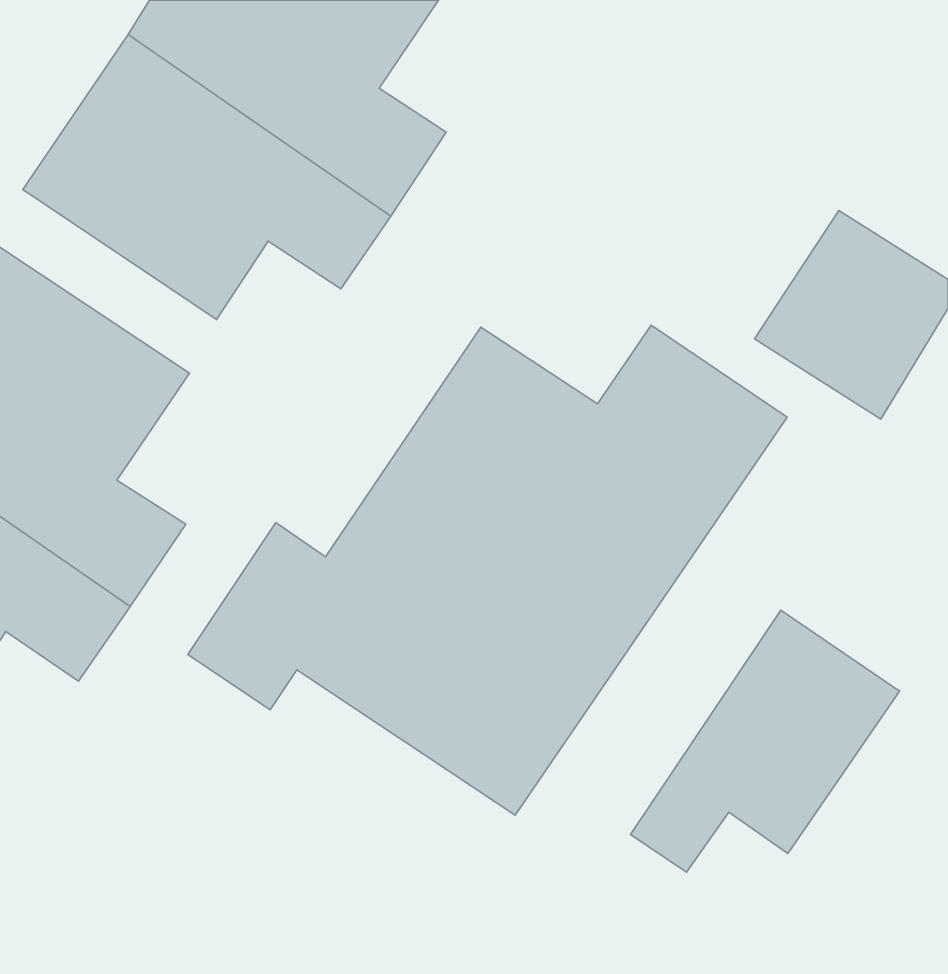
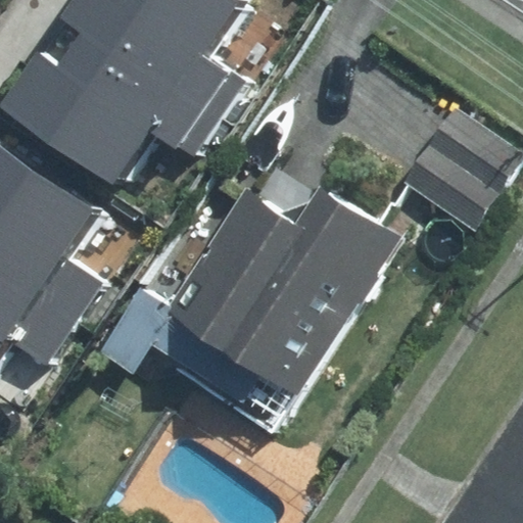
building: [631,610,900,872] -> none

